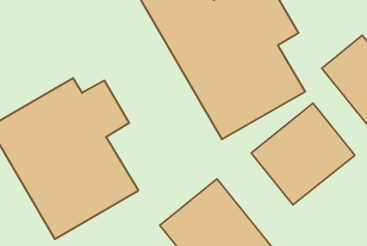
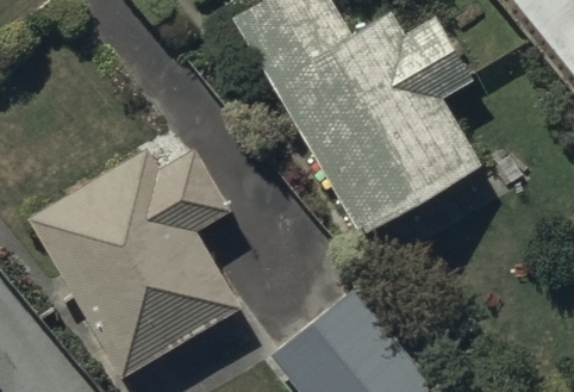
building: [251,103,355,205] -> none

